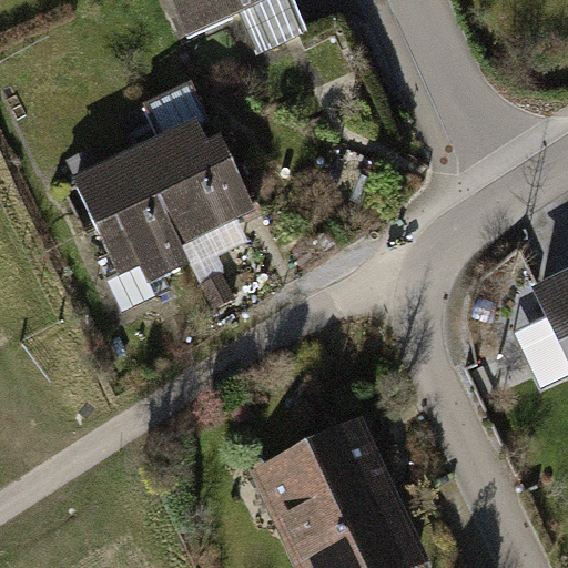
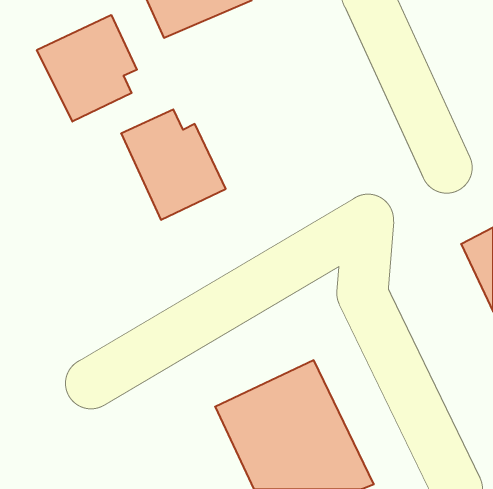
building: none -> [37,15,137,122]
building: [74,153,193,288] -> none

